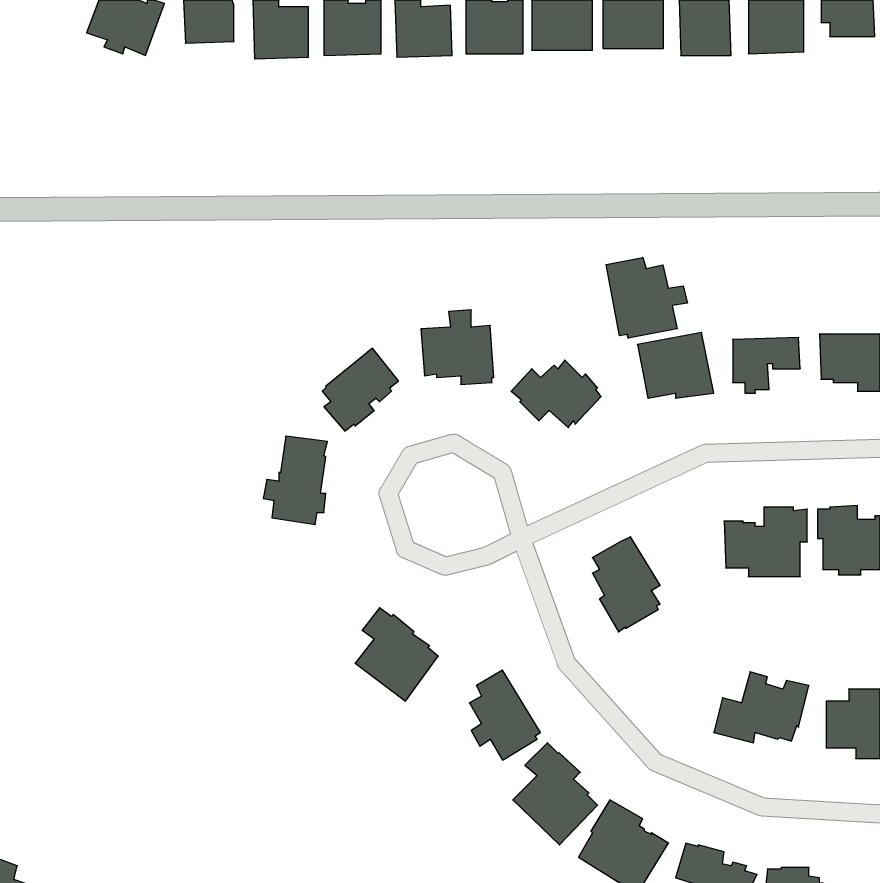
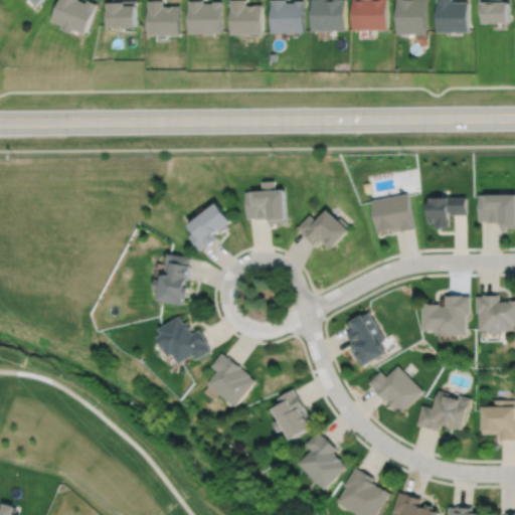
building: [606,257,687,338] -> none
building: none -> [156,317,210,365]
building: none -> [366,366,420,414]

